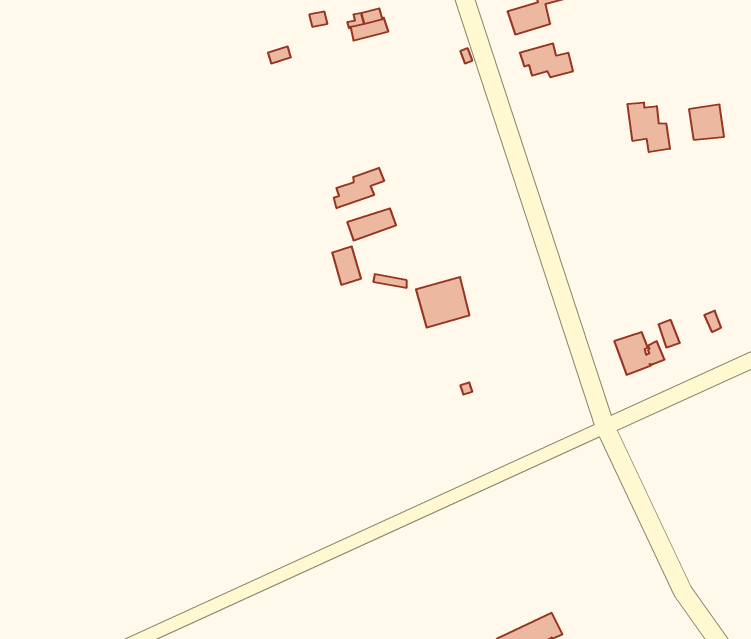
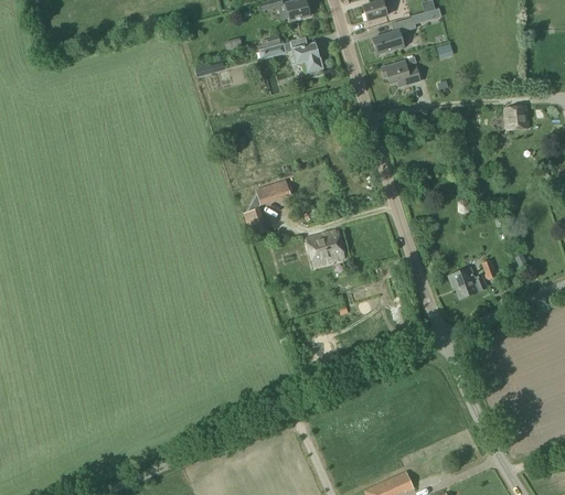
building: none -> [290,35,322,72]
building: [628,102,670,152] -> none
building: [334,168,384,208] -> none

